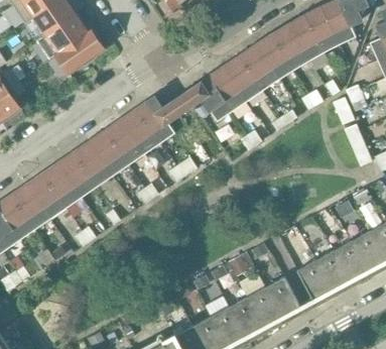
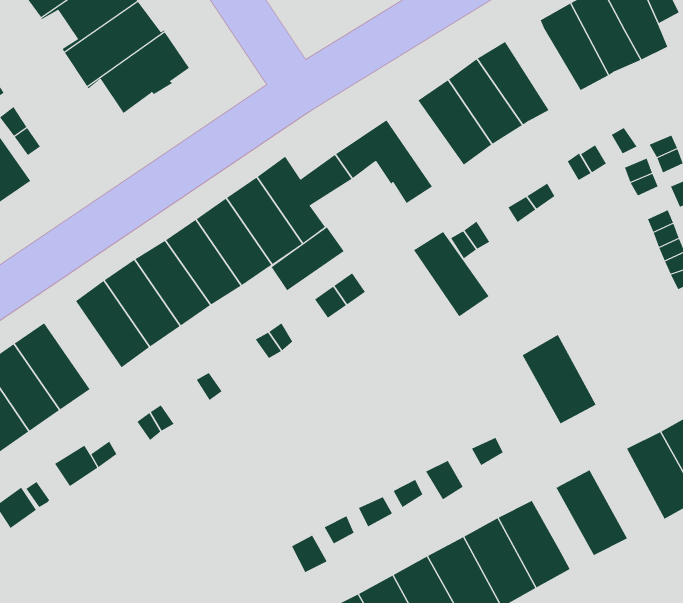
building: [270,23,309,71] -> none
building: [208,66,248,111] -> [413,231,490,317]
building: none -> [271,227,345,291]
building: [27,171,68,218] -> none
building: [314,249,354,297] -> [522,334,596,424]

